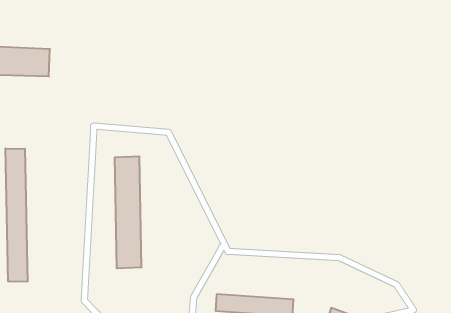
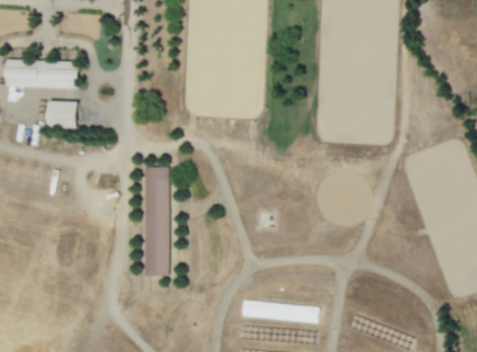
building: none -> [48,101,77,128]
building: [6,148,27,282] -> none

